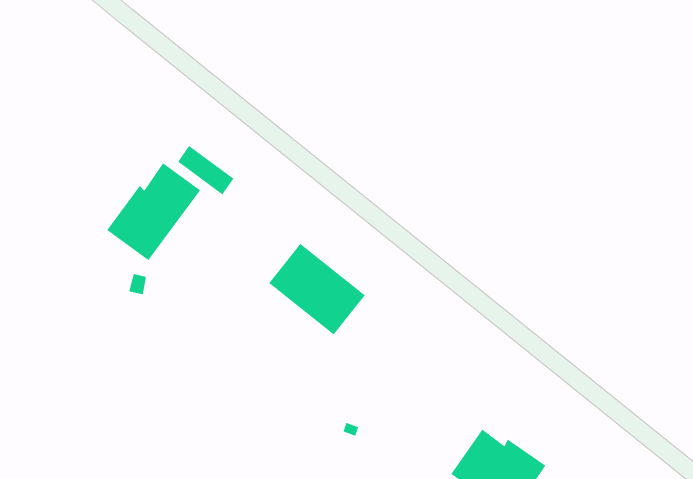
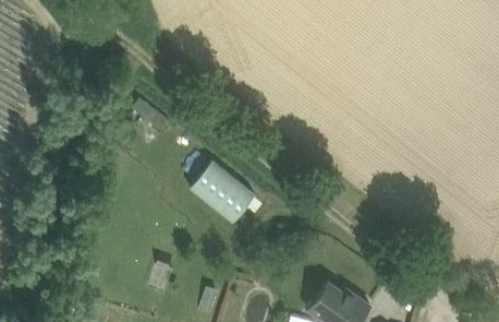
building: [106,162,201,261] -> none

